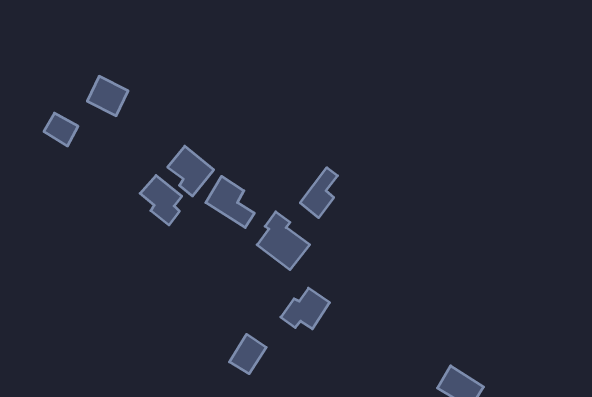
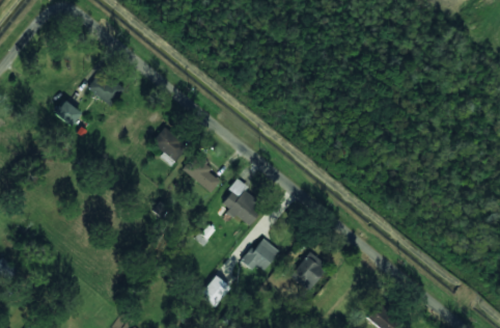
building: [300,168,338,218] -> none
building: [140,175,182,225] -> none
building: none -> [290,252,328,292]

